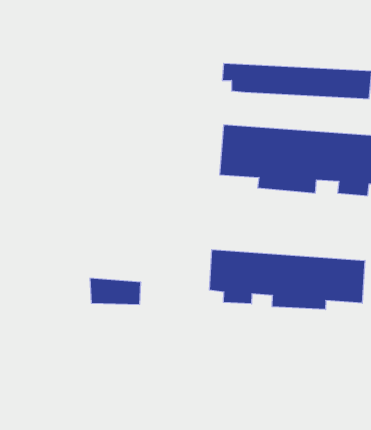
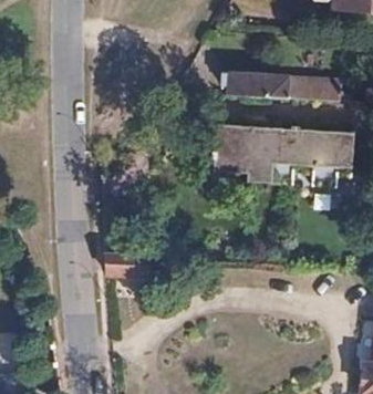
building: [209,250,365,310] -> none

